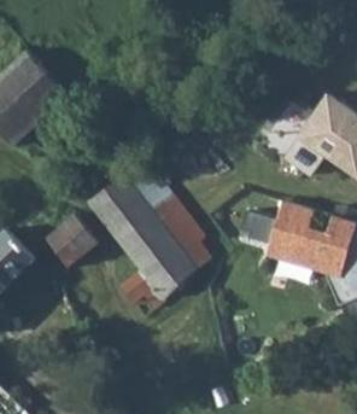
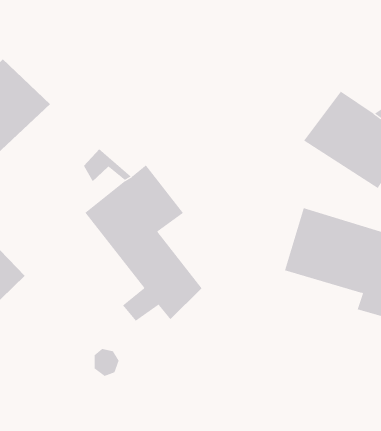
building: [156,202,216,269] -> none
building: [49,215,100,264] -> none

